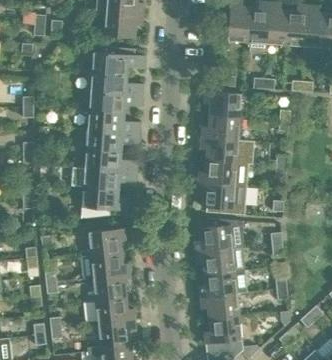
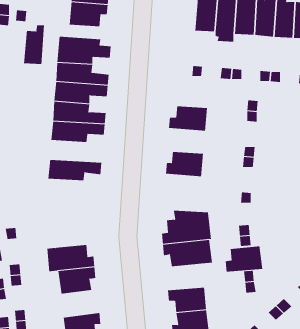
building: none -> [24,25,45,65]
building: [204,90,241,117] -> none
building: [200,137,238,162] -> none
building: [84,149,137,171] -> none
building: [197,182,234,209] -> none
building: [80,187,134,218] -> none
building: [88,228,126,255] -> none
building: [199,271,237,297] -> [225,246,263,272]
building: [95,297,134,324] -> none

